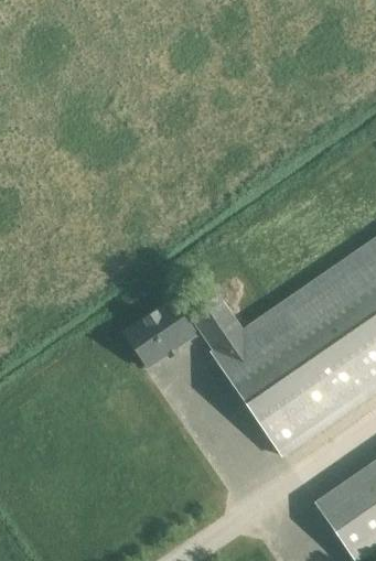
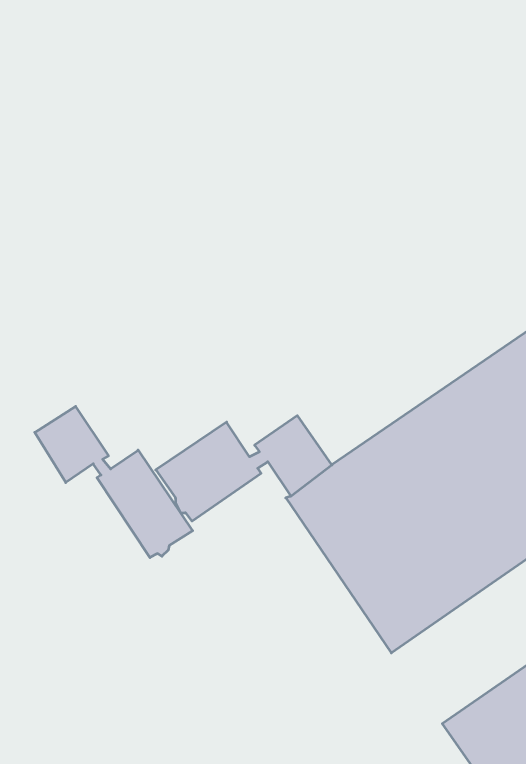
building: none -> [35,406,193,558]

